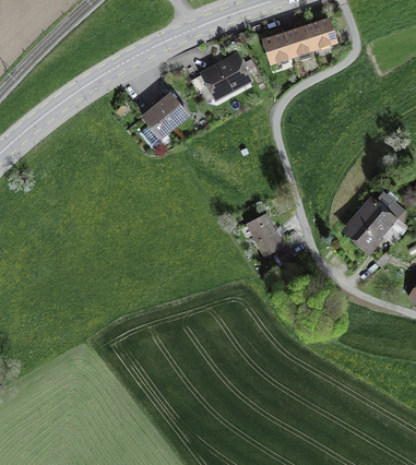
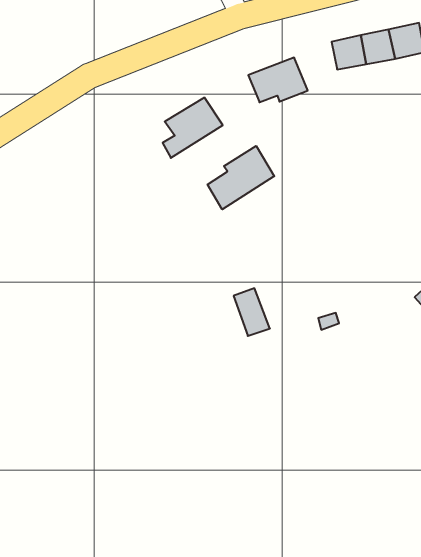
building: none -> [208,146,274,209]
building: [249,215,280,252] -> [234,288,270,336]

